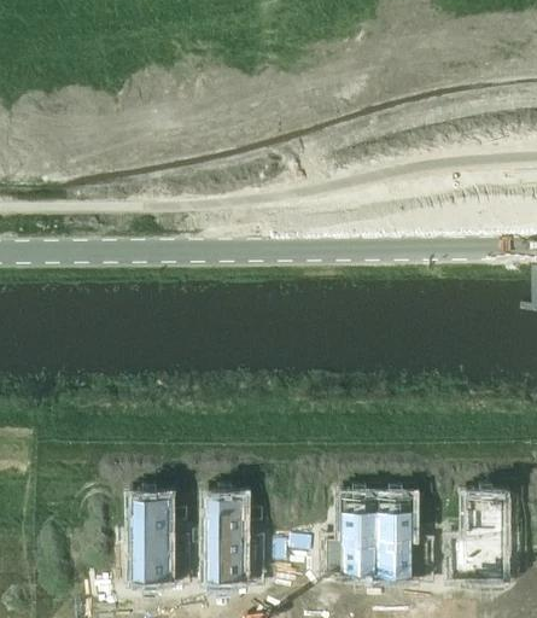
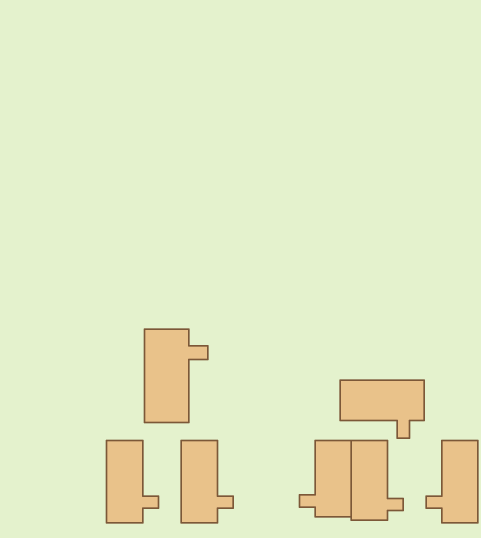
building: none -> [144,329,208,423]
building: none -> [340,380,424,438]

